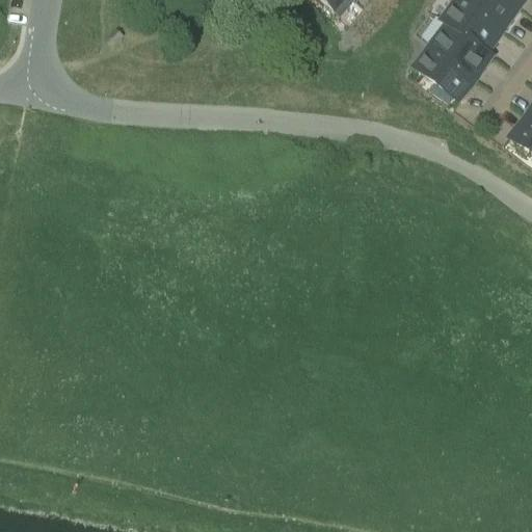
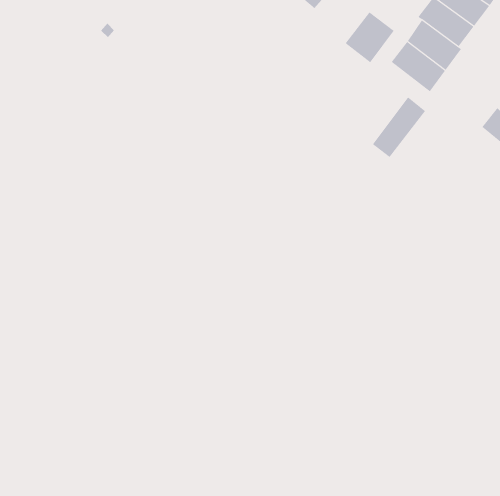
building: none -> [345,12,394,63]
building: none -> [372,96,426,158]

